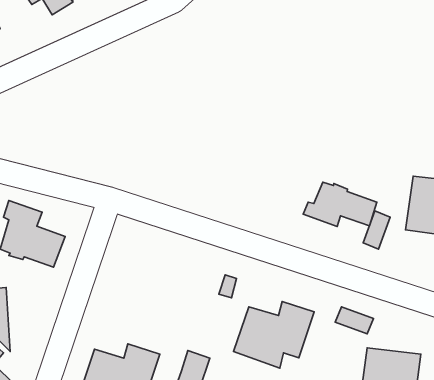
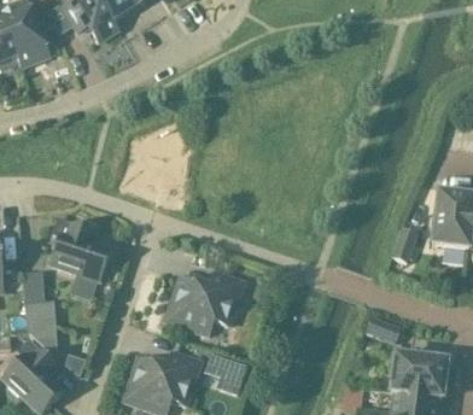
building: [303,182,377,226] -> none
building: [234,302,314,368] -> [165,273,241,335]

